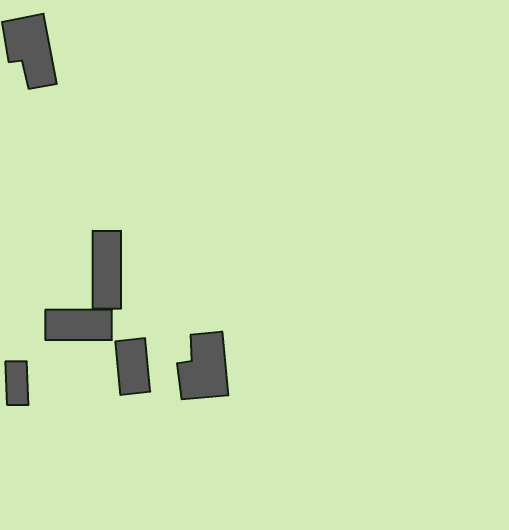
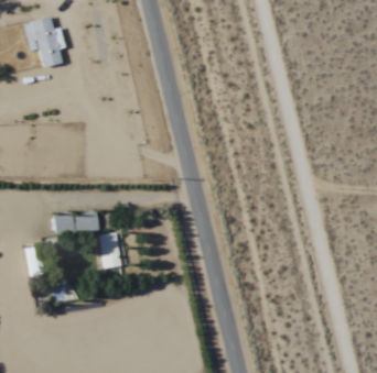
building: [93,231,121,309] -> none
building: [177,331,228,399] -> none

